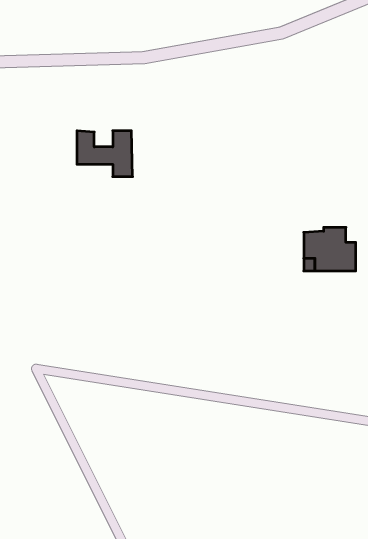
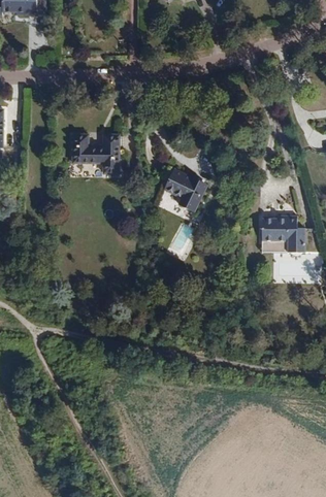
building: none -> [164,168,205,210]

